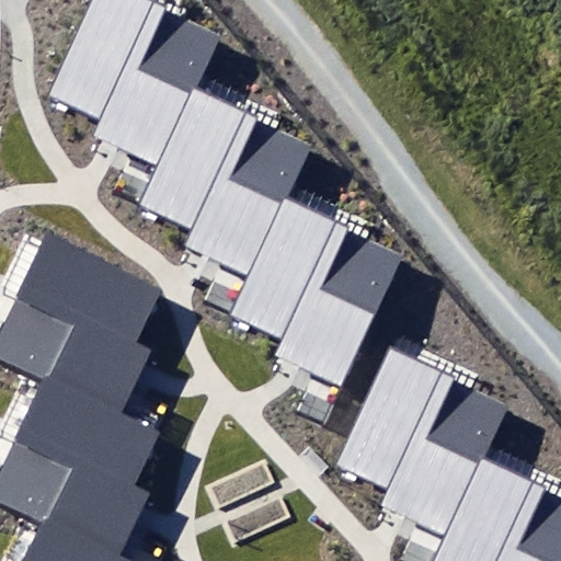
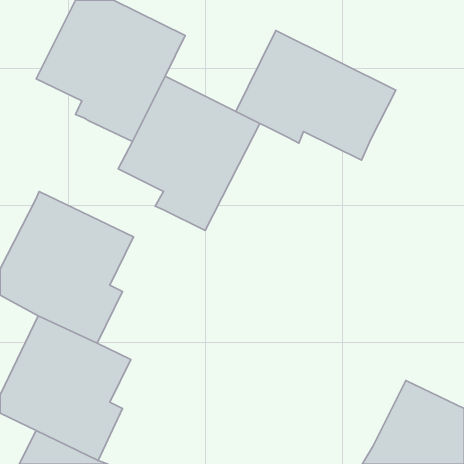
building: none -> [236,30,396,160]
building: [230,198,407,393] -> none
building: [334,348,514,538] -> none

